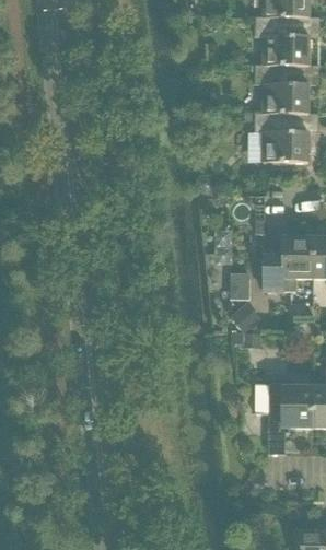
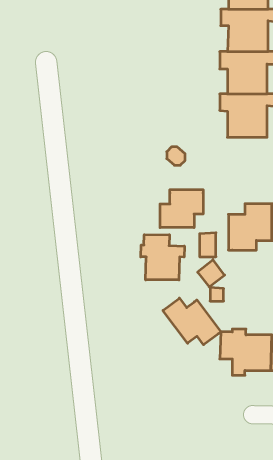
building: none -> [160,190,203,228]
building: none -> [141,235,184,280]
building: none -> [163,298,221,345]

